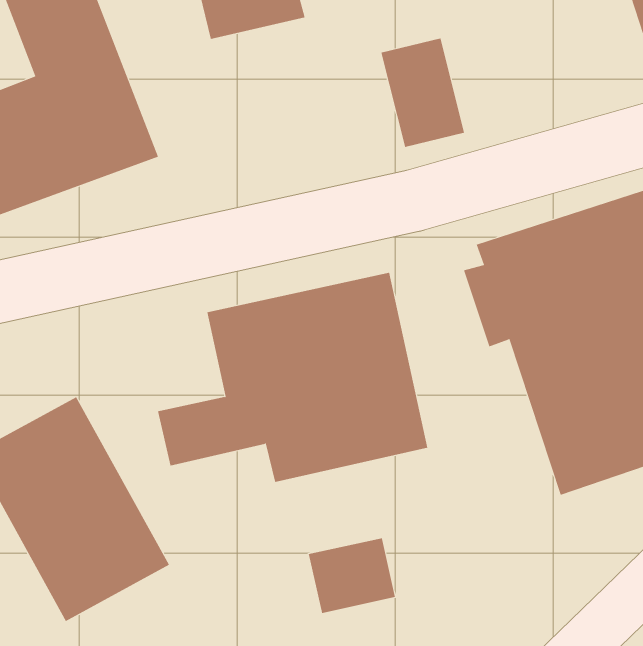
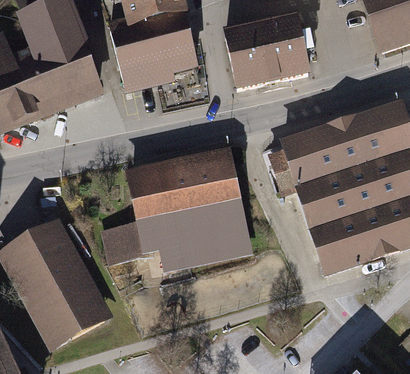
building: none -> [115,14,196,83]
building: none -> [258,16,305,77]
building: [308,537,396,614] -> none

